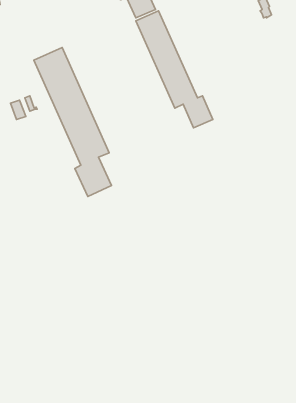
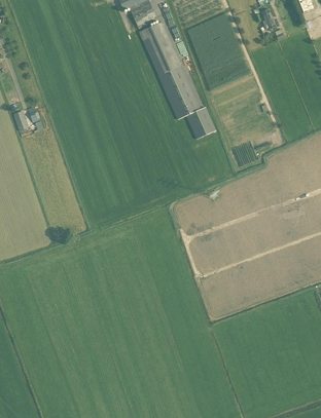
building: [34,48,112,197] -> none

